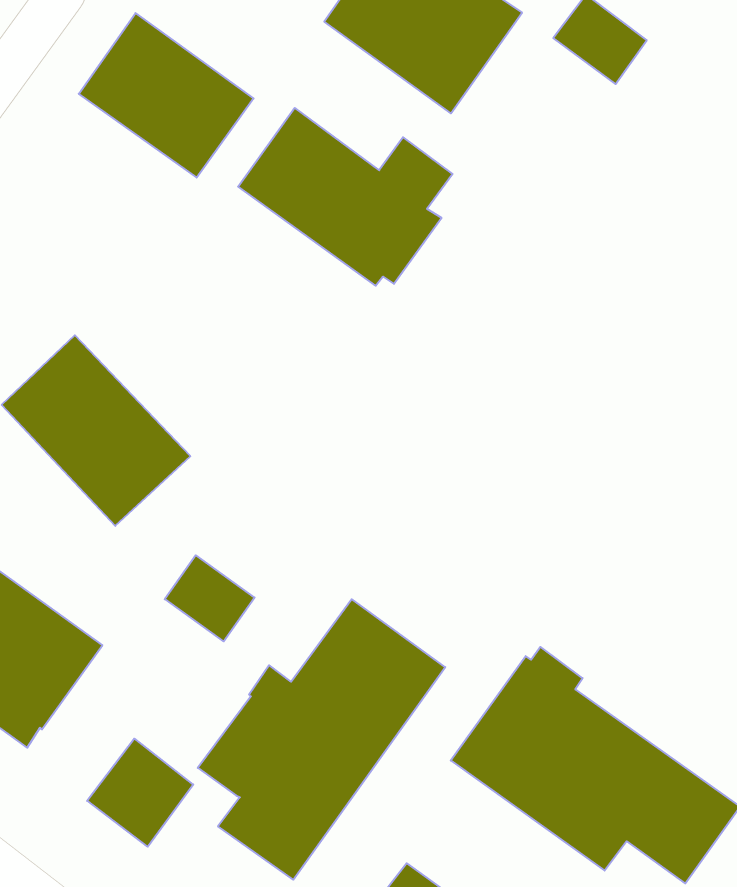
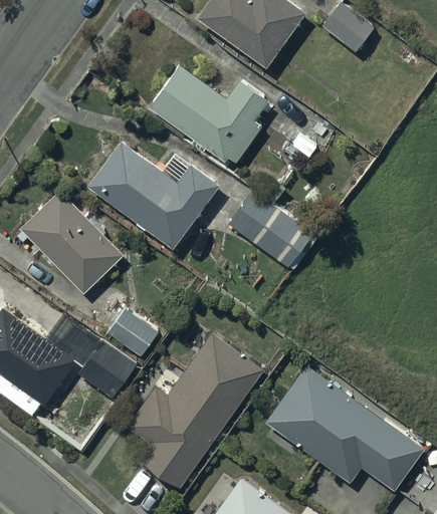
building: [79,13,254,178] -> none
building: none -> [87,141,219,249]
building: none -> [229,192,317,272]
building: [87,739,193,847] -> [78,339,137,399]

